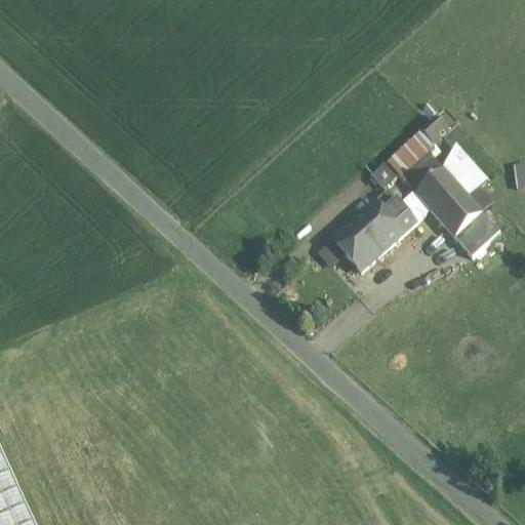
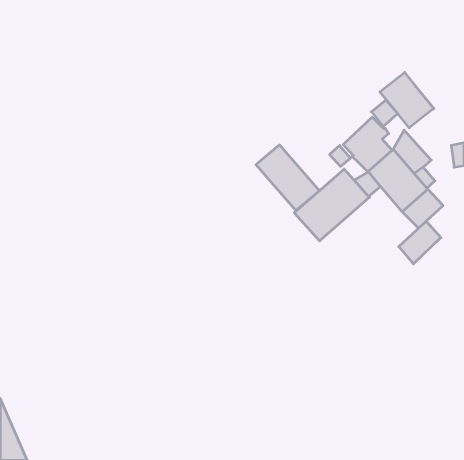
building: none -> [380,72,434,128]
building: none -> [256,145,319,210]
building: none -> [399,221,441,264]

